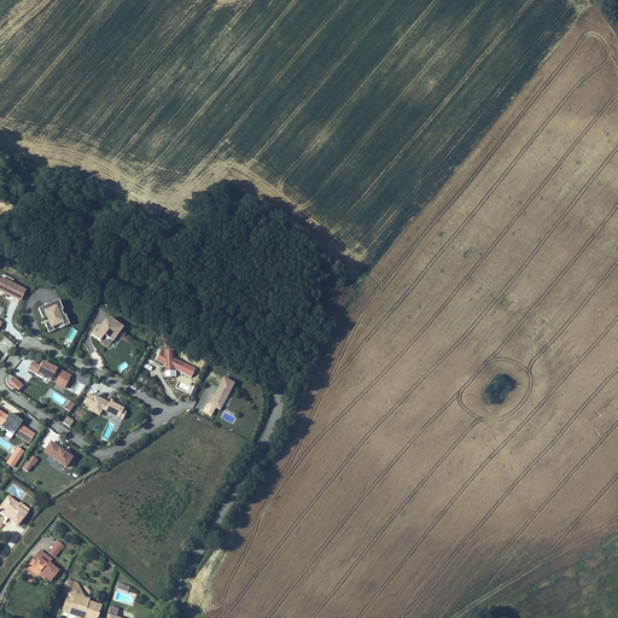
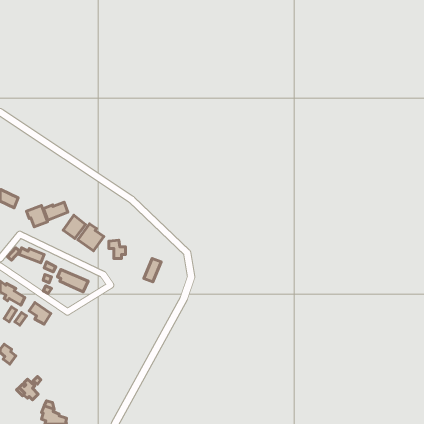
building: none -> [44,202,68,220]
building: none -> [78,224,104,251]

